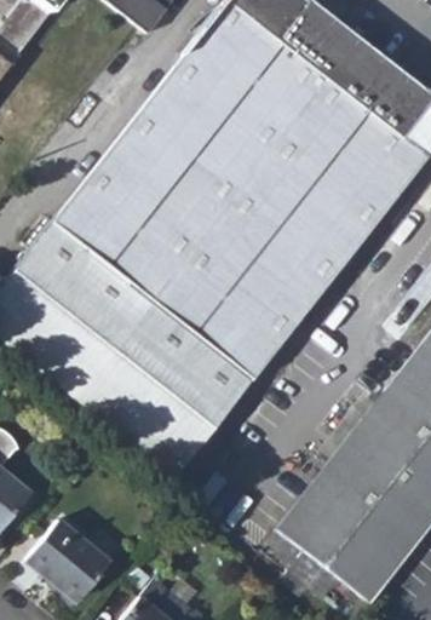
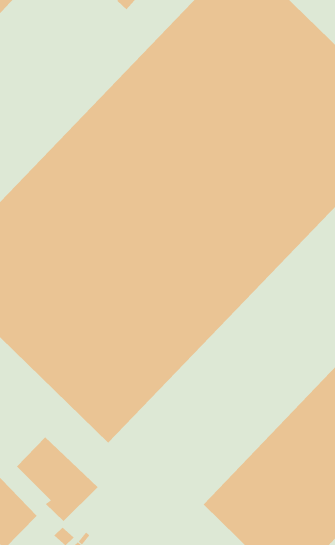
building: none -> [16,436,98,522]

